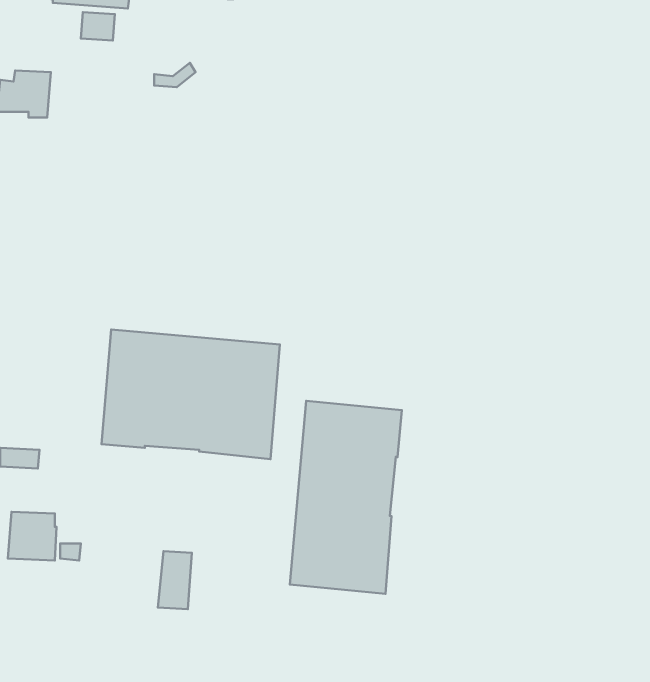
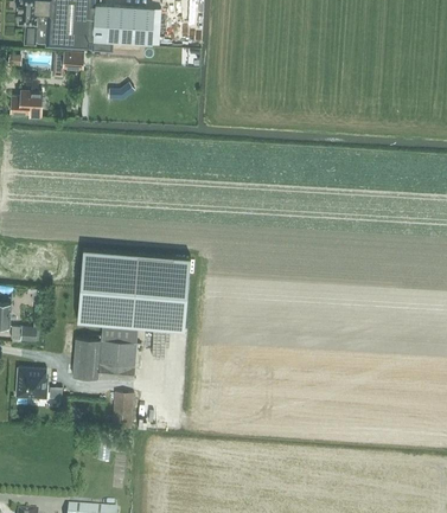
building: [290,401,402,594] -> none
building: none -> [74,326,138,381]

